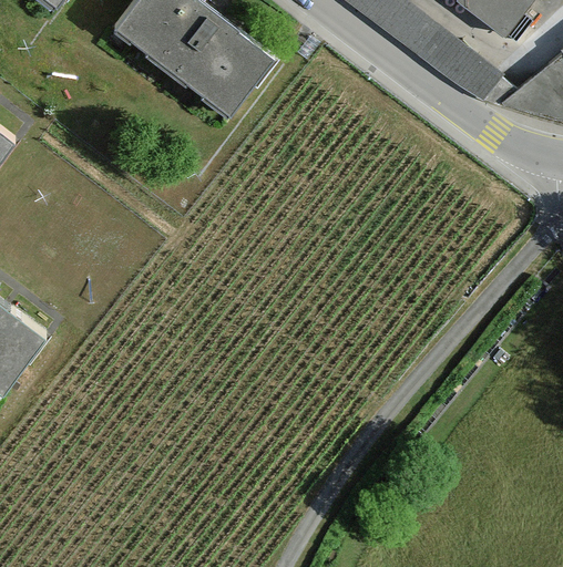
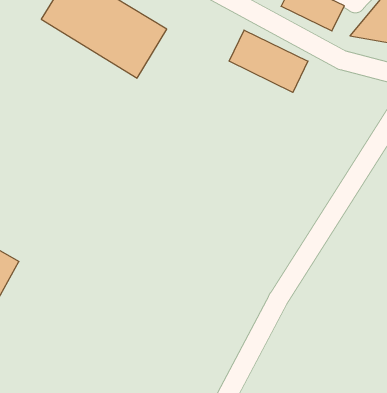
building: none -> [229,30,308,92]

